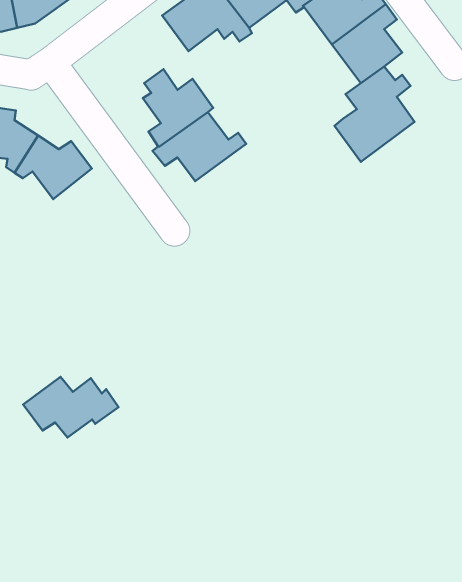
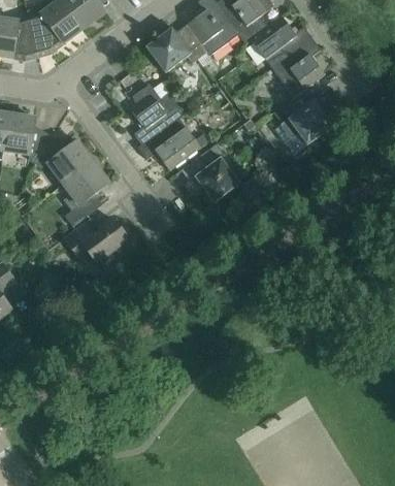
building: none -> [180,142,239,202]
building: none -> [63,160,108,225]
building: [23,377,118,438] -> [63,217,134,262]

